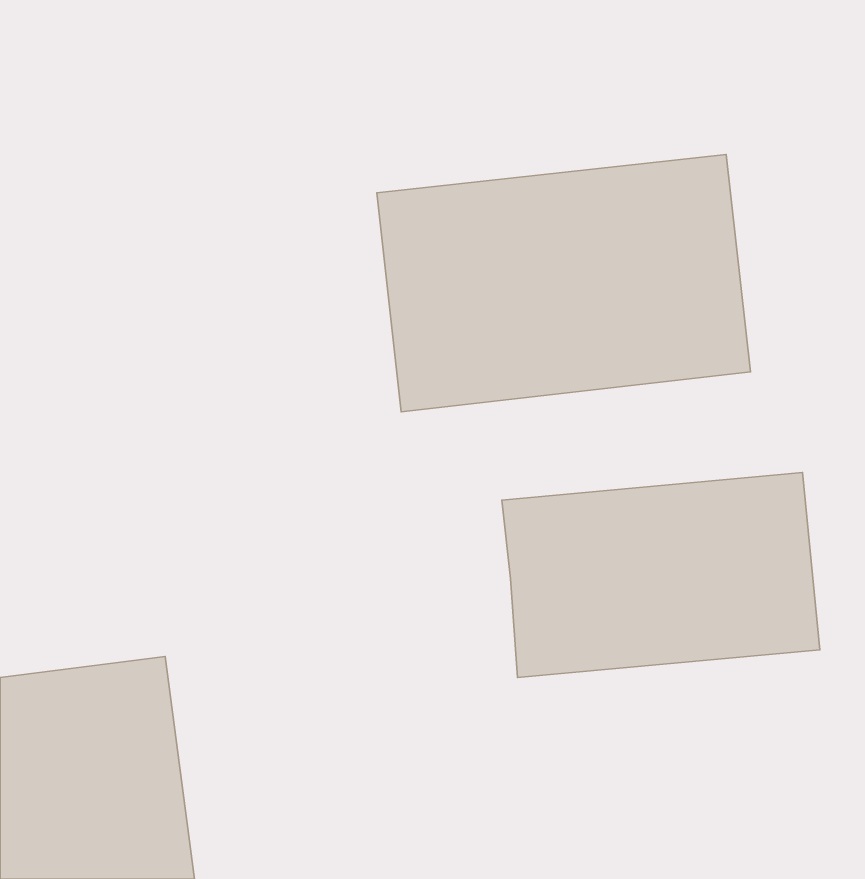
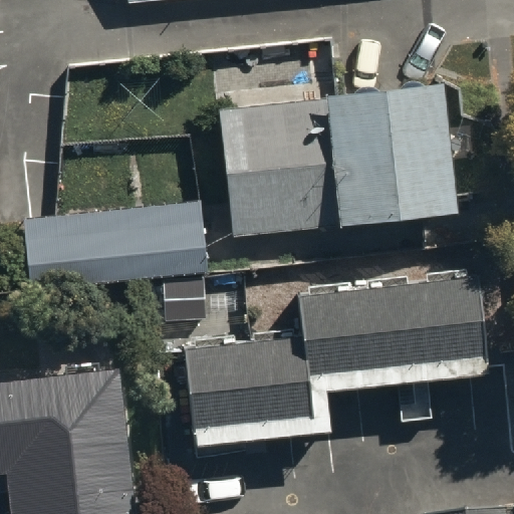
building: none -> [25,196,211,283]
building: none -> [184,334,314,435]

